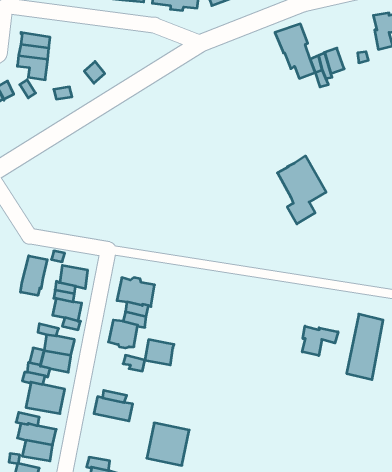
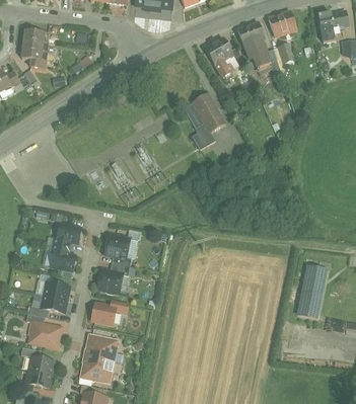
building: none -> [268,10,296,36]
building: none -> [204,37,232,72]
building: [277,156,326,224] -> [184,93,224,150]
building: [21,256,47,295] -> none
building: [302,326,338,356] -> none
building: [145,340,174,365] -> [91,303,116,324]
building: [147,423,189,465] -> [79,347,115,383]

